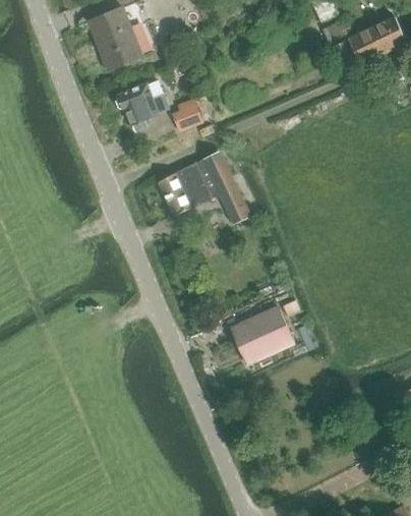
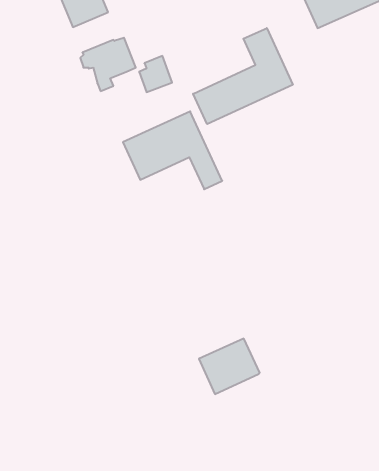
building: none -> [193,28,293,124]
building: [235,308,293,361] -> [199,339,260,394]

